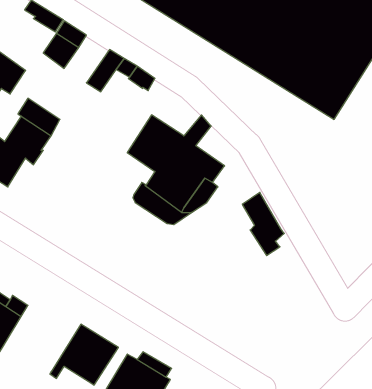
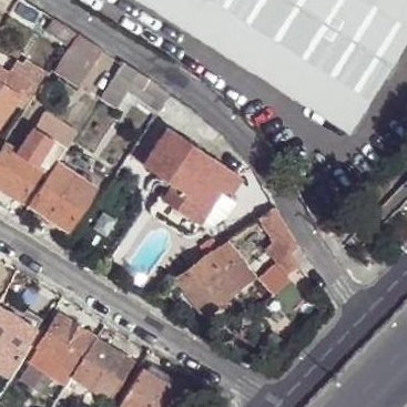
building: none -> [30,163,95,228]
building: none -> [174,242,254,315]
building: none -> [29,314,95,385]

